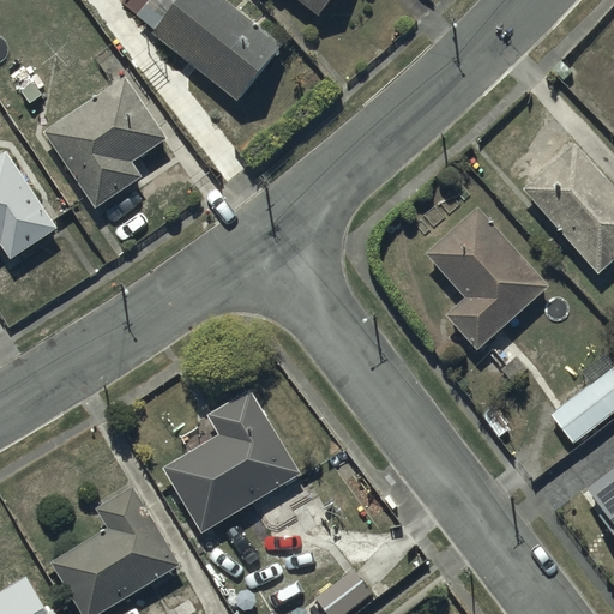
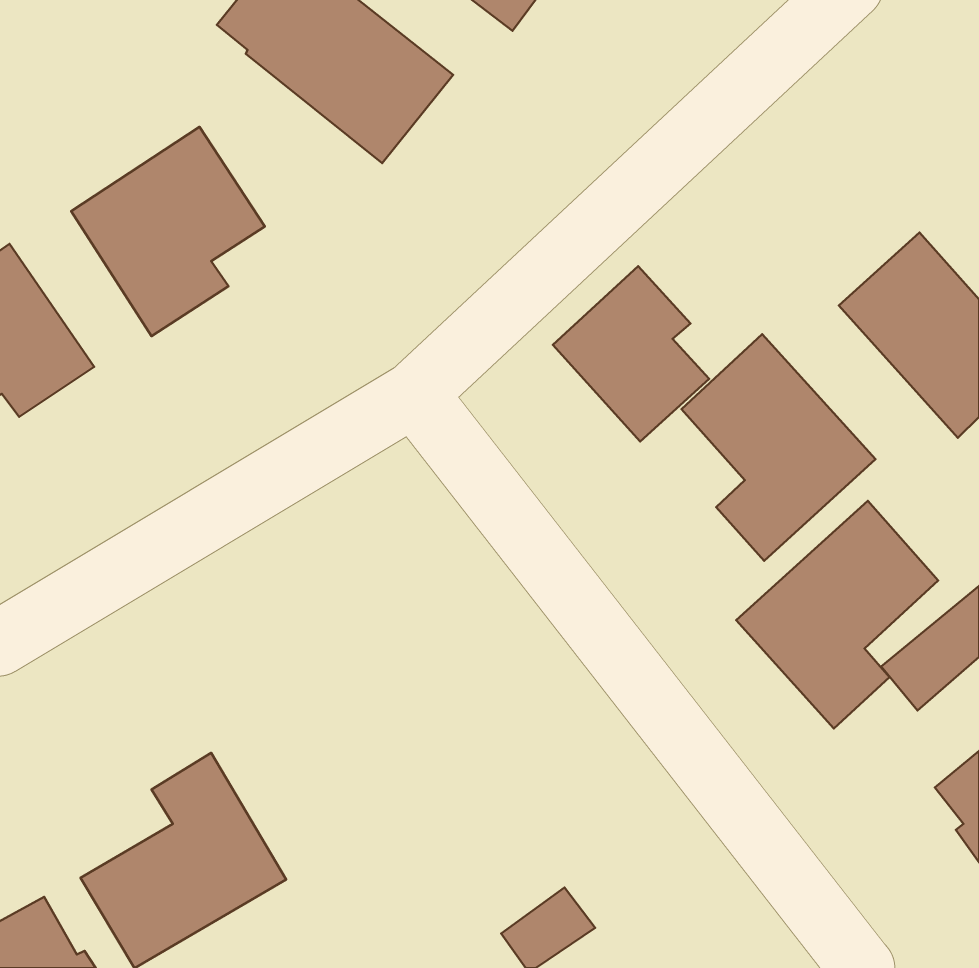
building: none -> [553,266,709,442]
building: none -> [736,501,938,729]
building: [163,392,300,532] -> none

